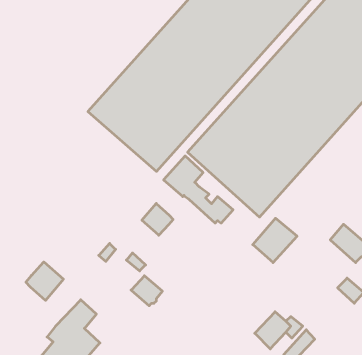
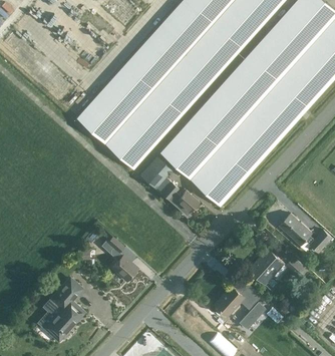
building: [142,203,173,235] -> none
building: [253,218,297,263] -> [247,249,284,286]
building: [26,262,63,300] -> none

